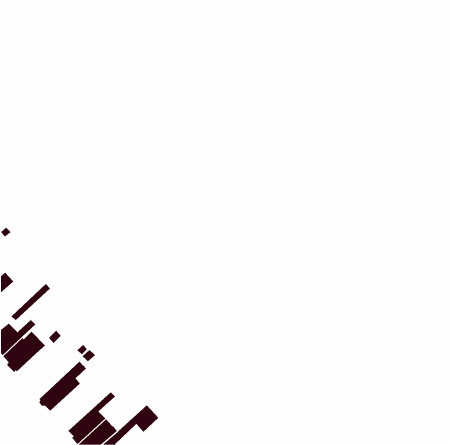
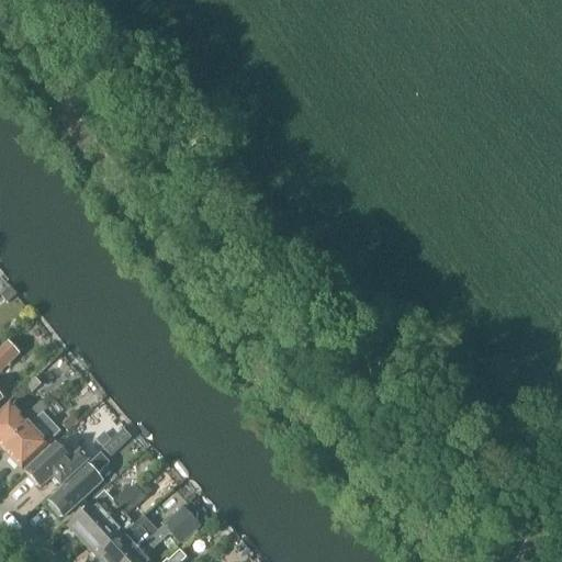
building: none -> [24,440,88,485]
building: none -> [69,481,138,538]

